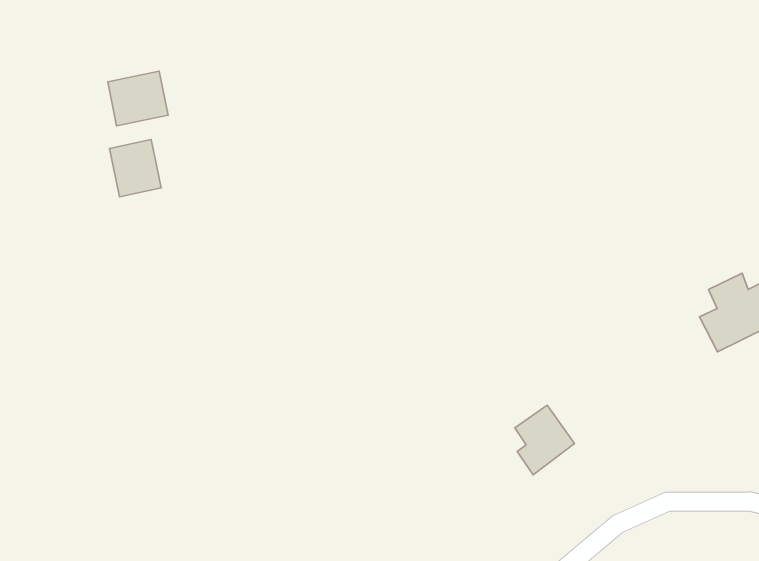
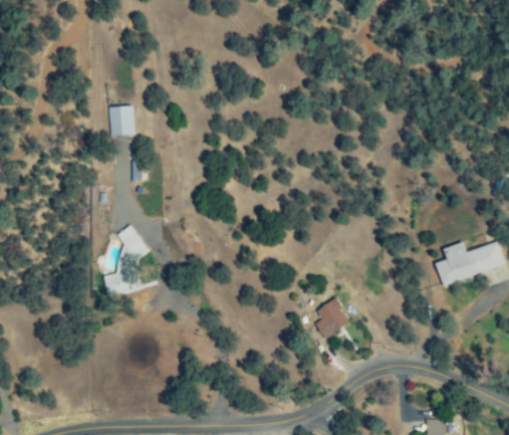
building: [108,71,168,126] -> none
building: none -> [102,225,147,296]

